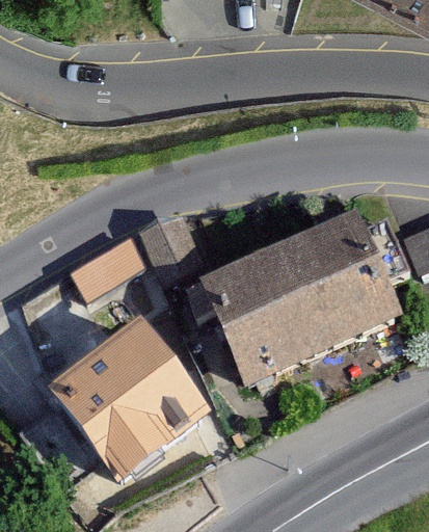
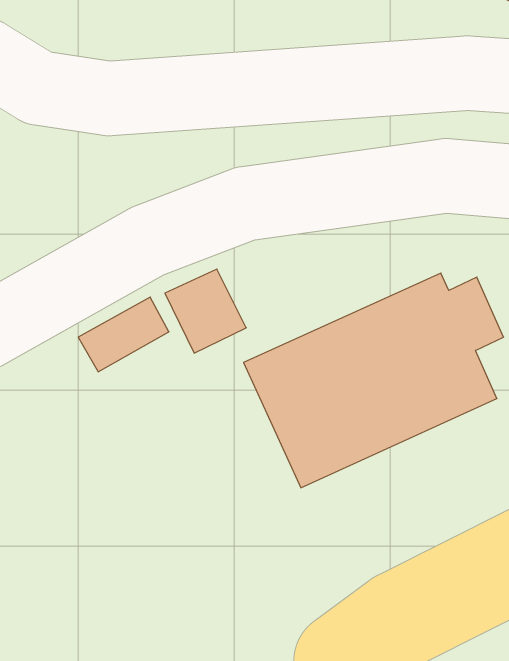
building: [22,330,205,475] -> none

